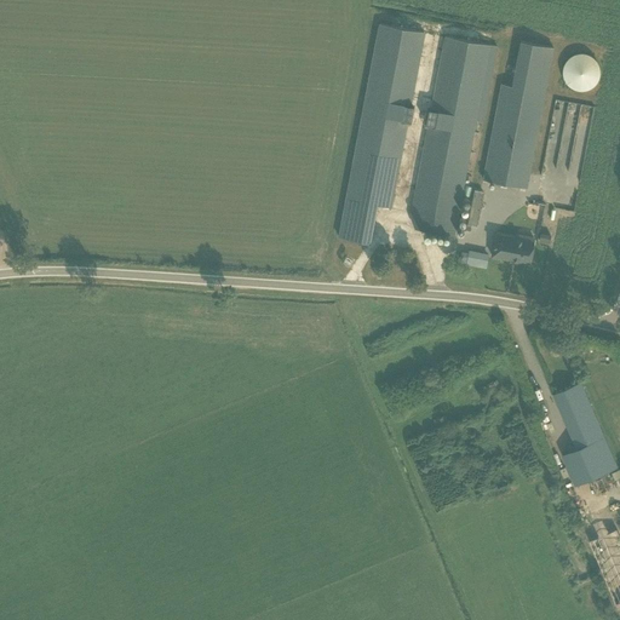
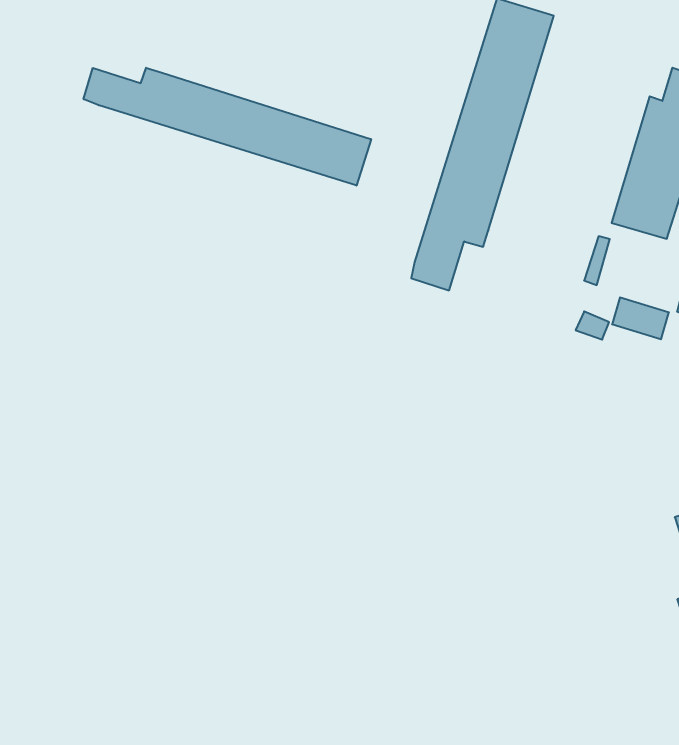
building: [411,35,490,236] -> none
building: none -> [84,68,371,186]

